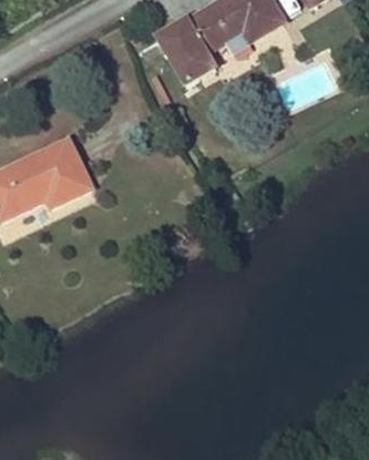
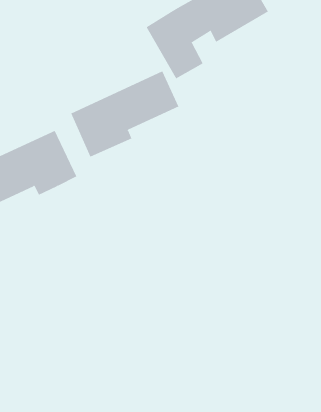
building: none -> [70,71,179,157]

